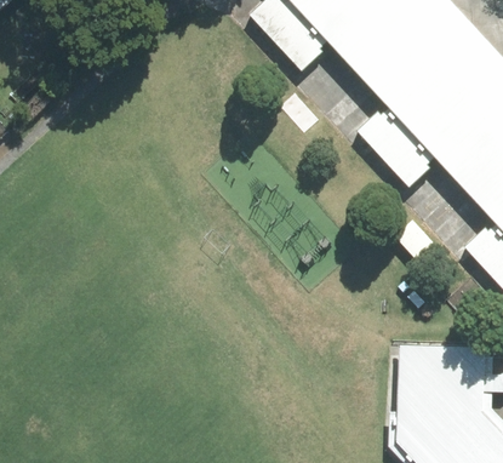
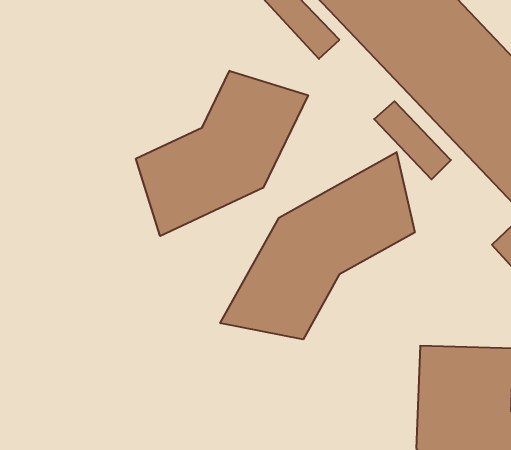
building: none -> [136,71,308,236]
building: none -> [220,152,415,339]

